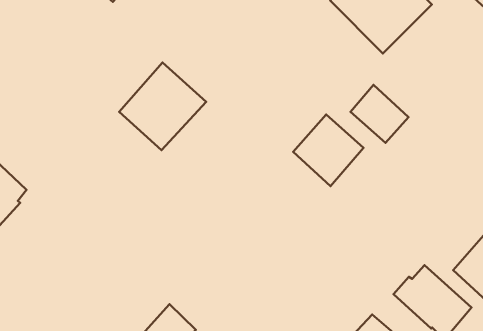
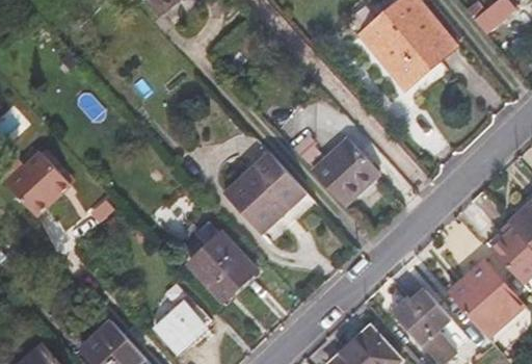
building: [119,62,206,150] -> [224,152,305,233]
building: [351,85,409,143] -> none
building: none -> [187,233,256,301]

